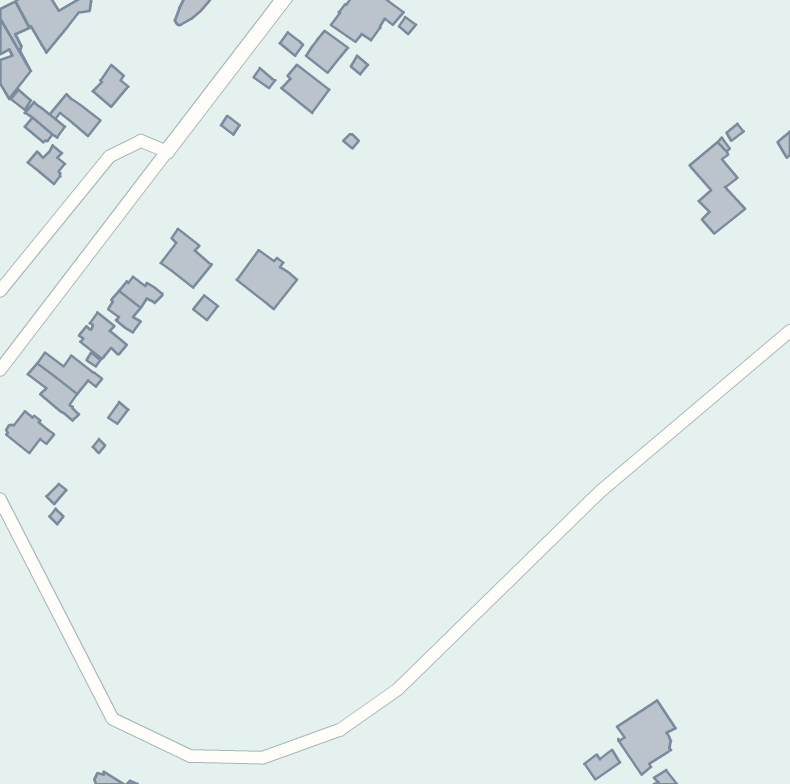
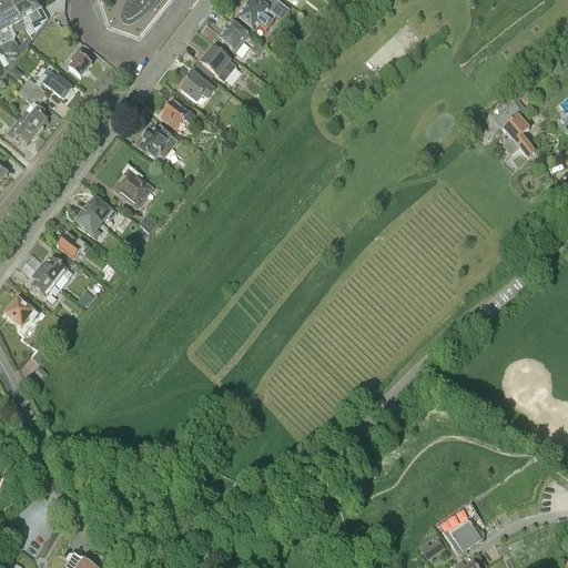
building: none -> [176,64,215,101]
building: none -> [161,99,195,128]
building: none -> [8,116,39,143]
building: [237,250,297,309] -> [134,120,178,162]

